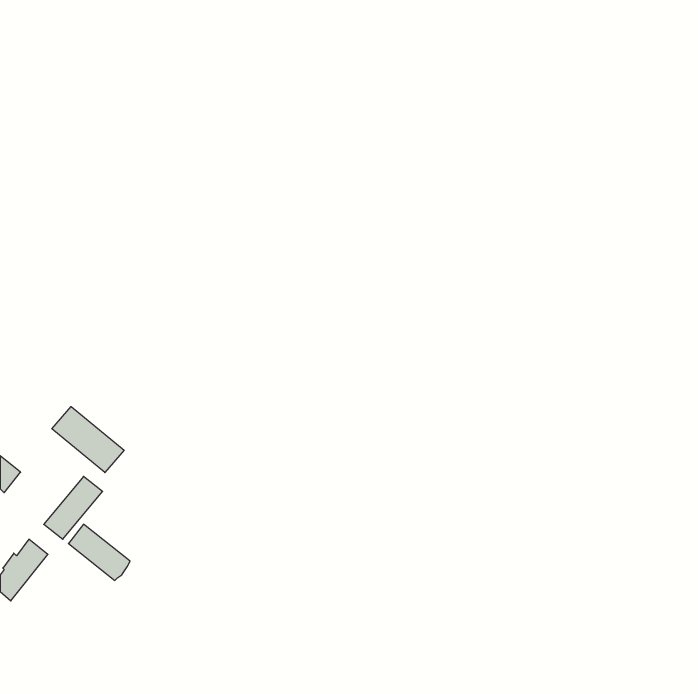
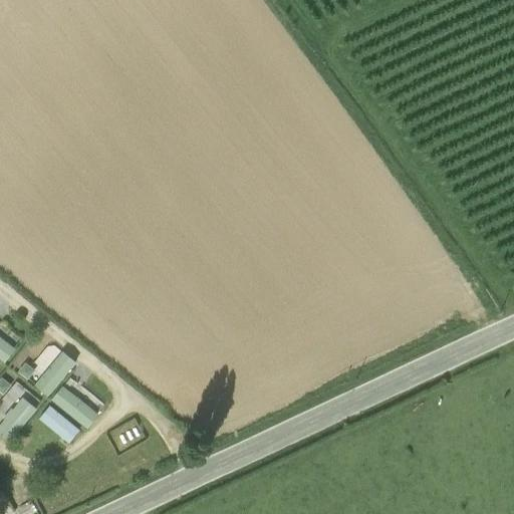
building: [52,407,124,473] -> none
building: none -> [38,404,79,443]

